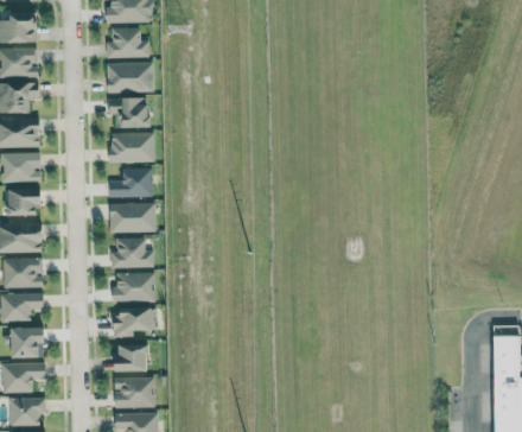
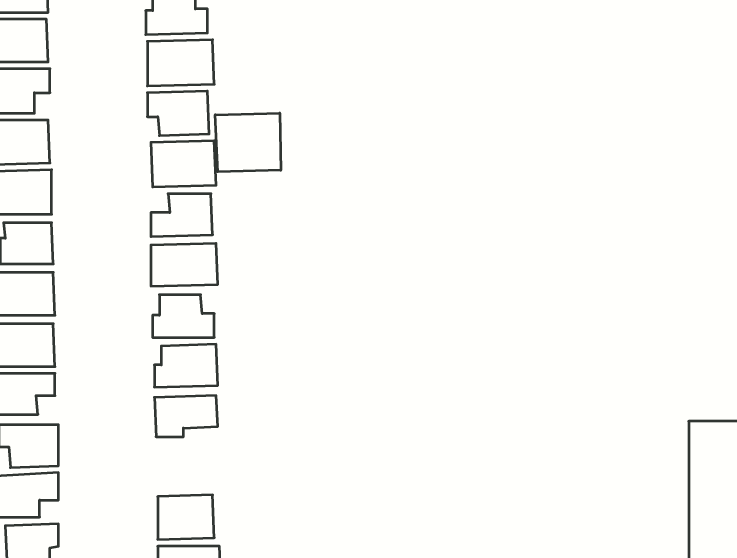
building: none -> [215,113,281,172]
building: [114,344,149,373] -> none

